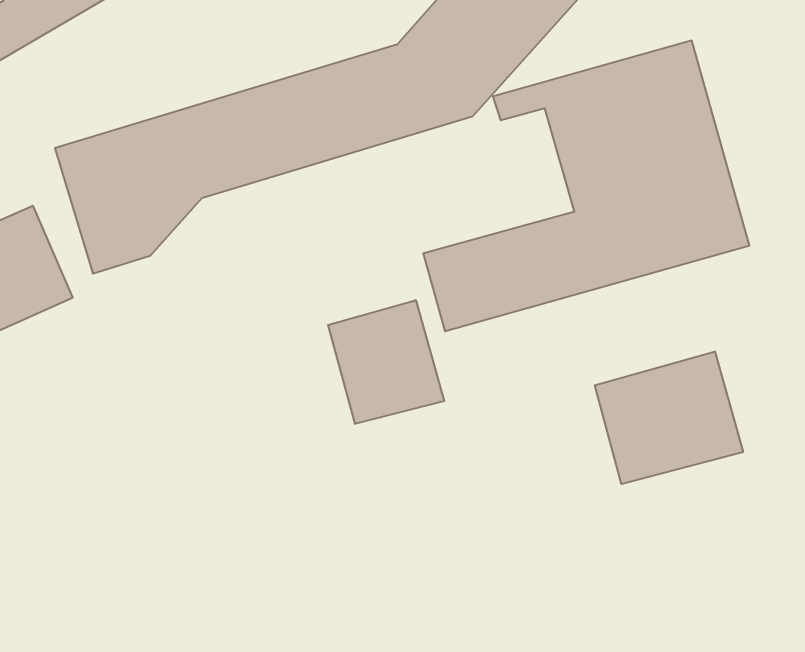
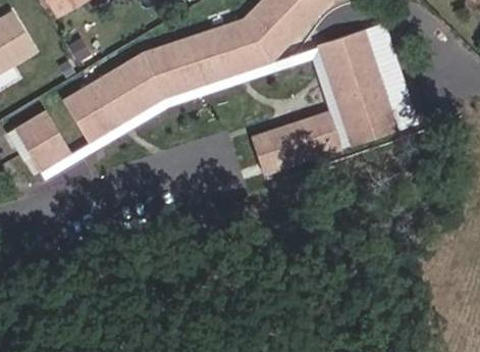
building: [328,300,444,424] -> none
building: [595,351,743,484] -> none

